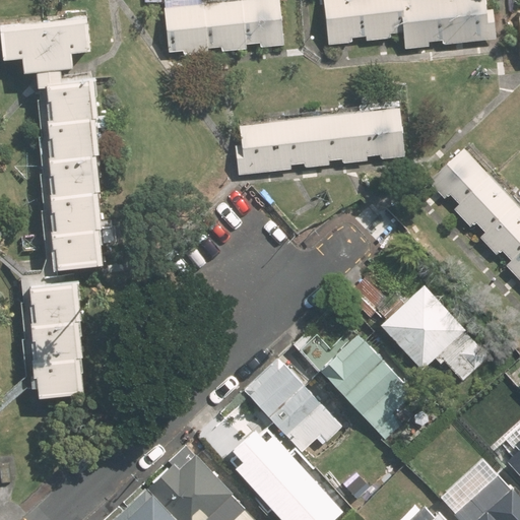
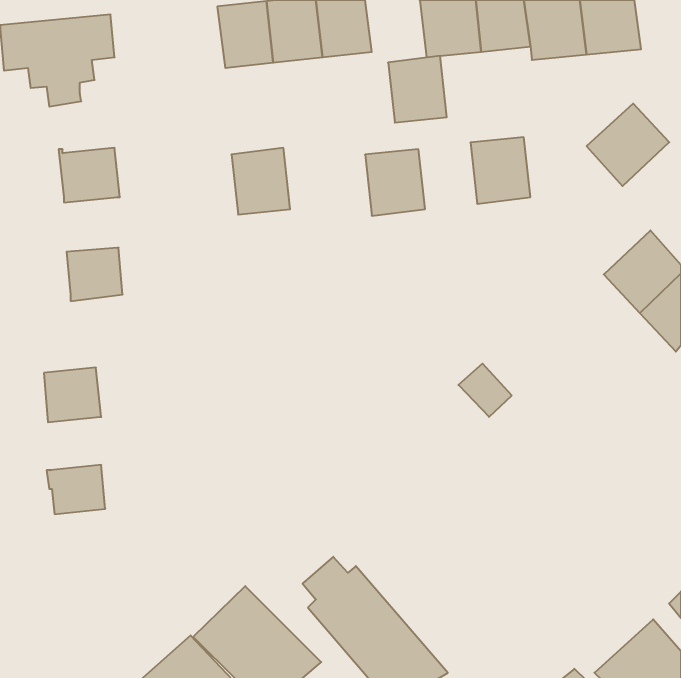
building: [44,77,90,119] -> none
building: [319,111,364,161] -> [388,56,447,123]
building: [239,120,283,171] -> [231,148,290,215]
building: [433,148,496,211] -> [587,104,669,186]
building: [46,152,93,194] -> none
building: [50,226,98,266] -> none
building: [382,284,489,379] -> none
building: [35,320,80,361] -> none
building: [298,330,414,438] -> none
building: [245,360,335,451] -> none

